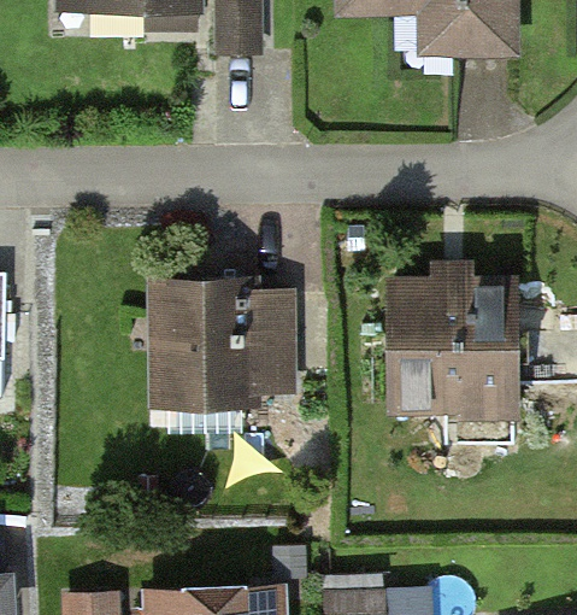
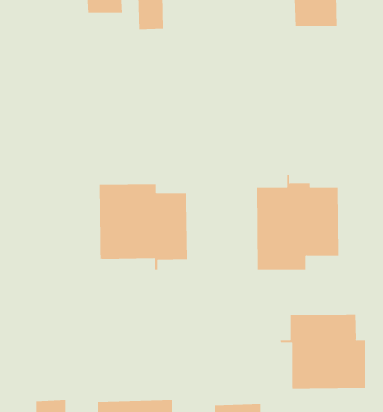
building: none -> [280,314,366,389]

